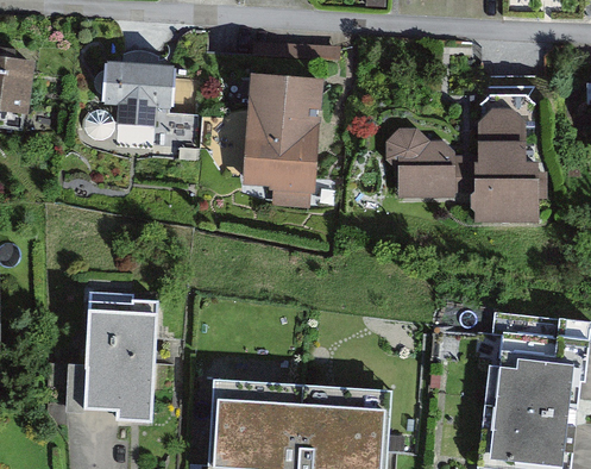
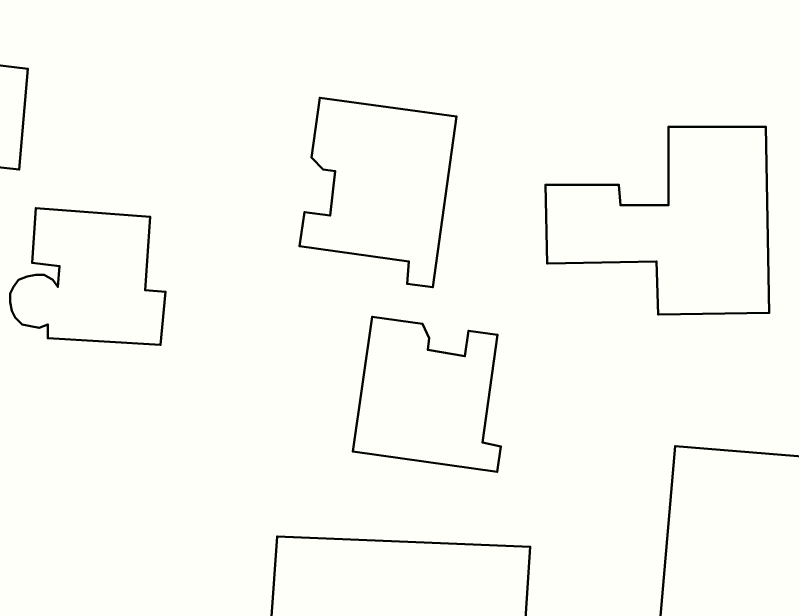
building: [81,58,189,154] -> [10,208,166,345]
building: none -> [353,317,501,472]
building: [70,290,176,424] -> none

